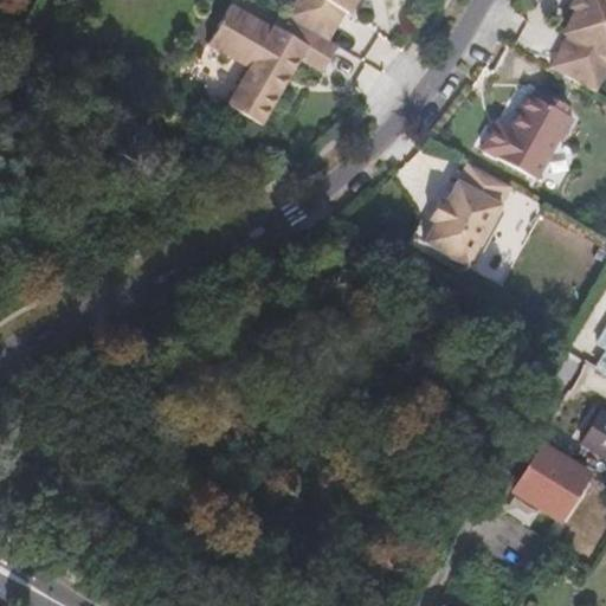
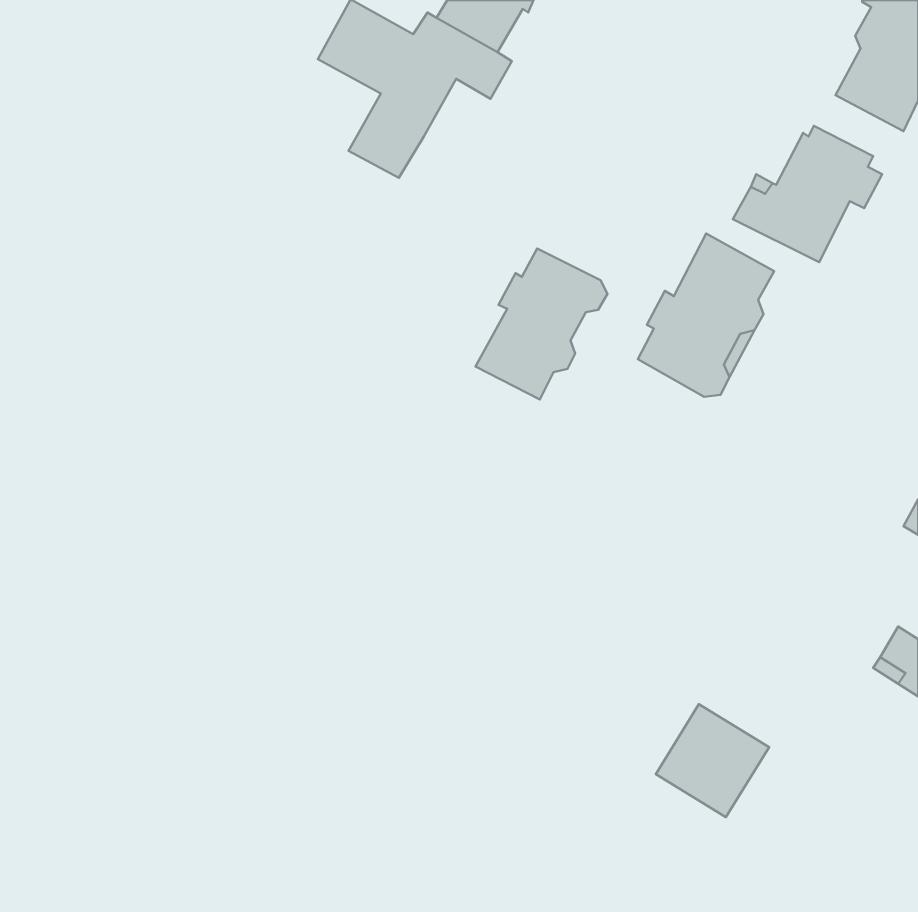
building: none -> [475,249,608,400]
building: [514,446,588,521] -> [656,704,769,817]

